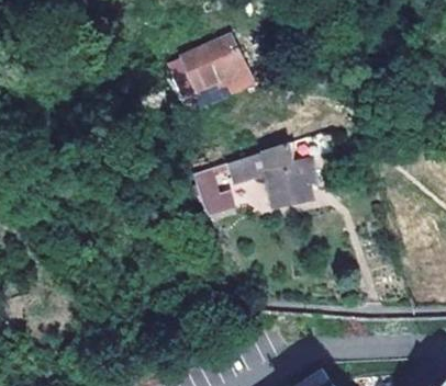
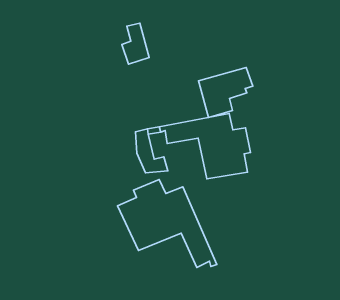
building: [185,38,242,94] -> [198,68,253,118]
building: none -> [118,179,217,267]

